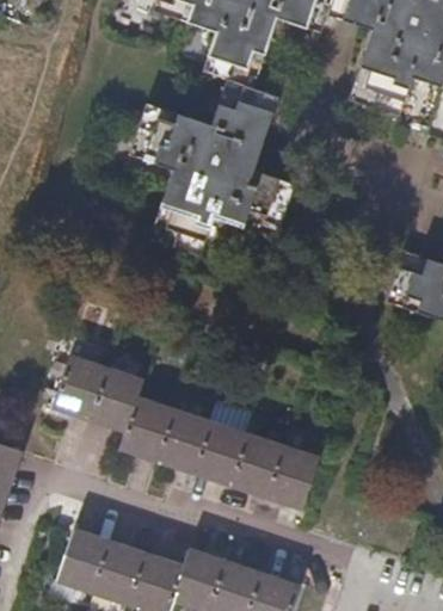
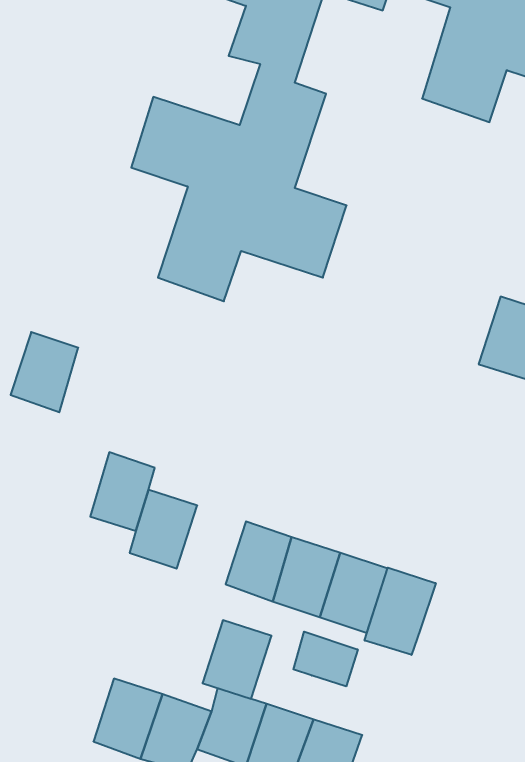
building: [57,357,109,418] -> [11,332,78,412]
building: [160,409,213,469] -> [202,620,272,699]
building: none -> [365,568,436,655]
building: none -> [293,632,358,686]
building: [61,527,112,588] -> none

